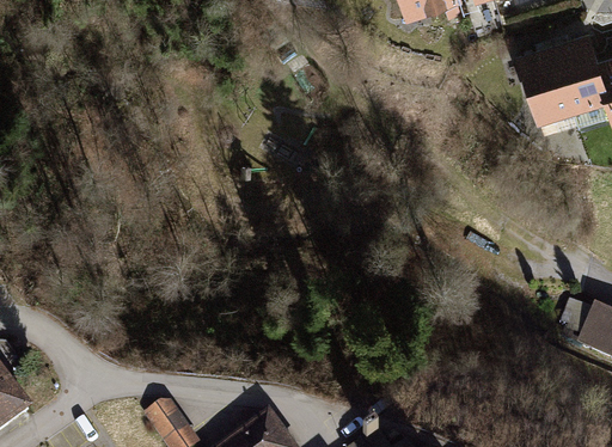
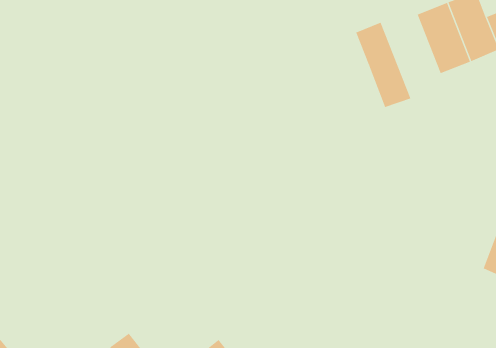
building: none -> [355,22,411,108]

